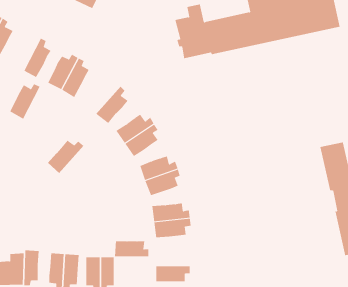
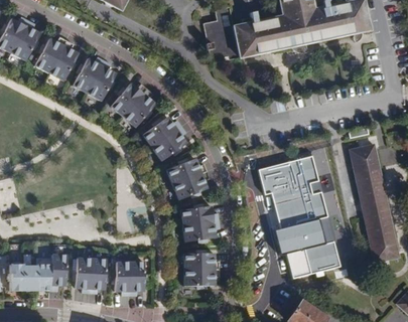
building: [10,84,41,120] -> [37,37,69,73]
building: [47,140,84,174] -> [112,83,149,117]
building: none -> [258,154,342,278]
building: [114,241,149,257] -> [184,254,220,270]

